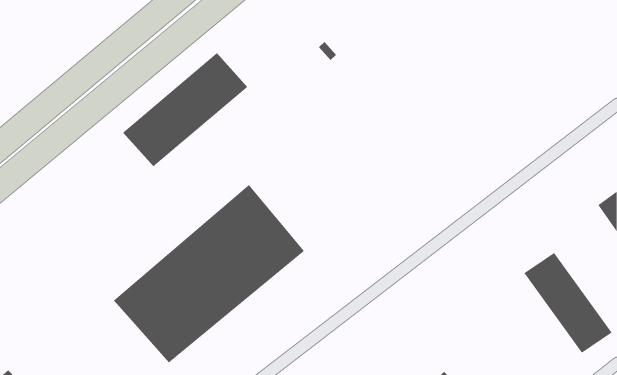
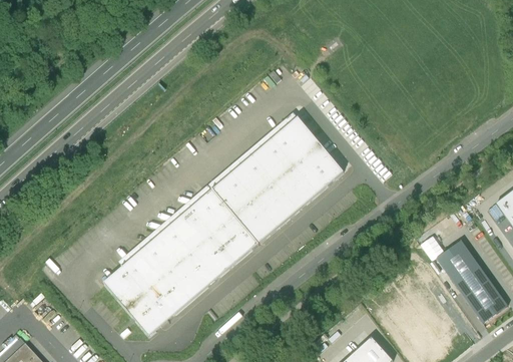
building: [122,52,248,167] -> none
building: none -> [213,114,345,241]

